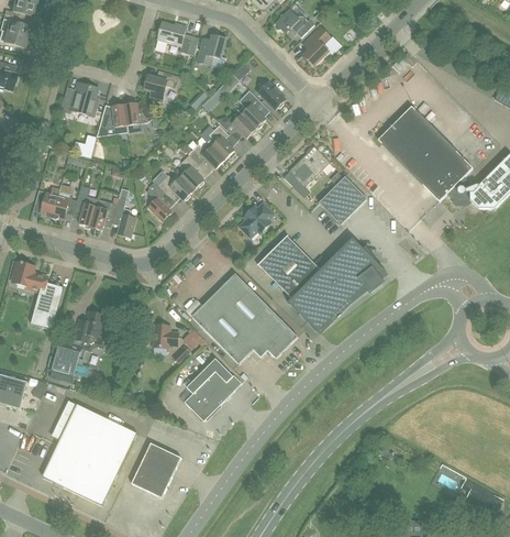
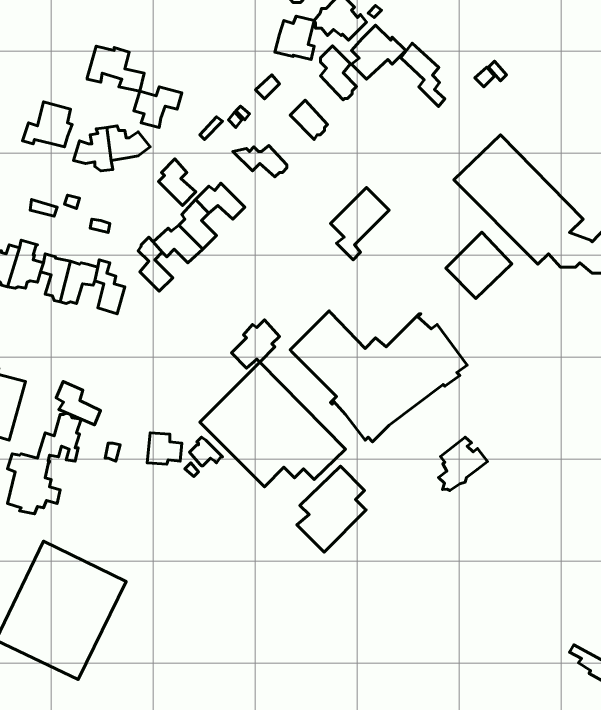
building: [155,21,197,54] -> [87,46,144,91]
building: [197,34,225,66] -> [275,16,314,60]
building: none -> [401,43,445,106]
building: [239,88,265,128] -> [320,46,357,100]
building: [207,124,234,158] -> [158,159,196,206]
building: [318,175,366,223] -> [446,232,512,298]
building: [239,201,274,237] -> [231,320,279,368]
building: none -> [56,382,101,425]
building: none -> [438,437,487,490]
building: [184,358,234,420] -> [297,466,366,552]
building: [131,441,181,497] -> none

